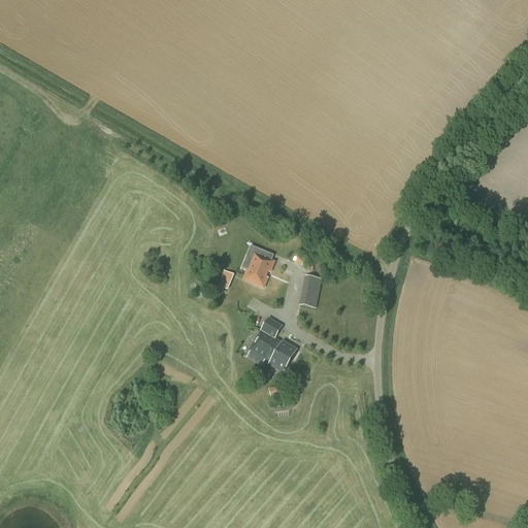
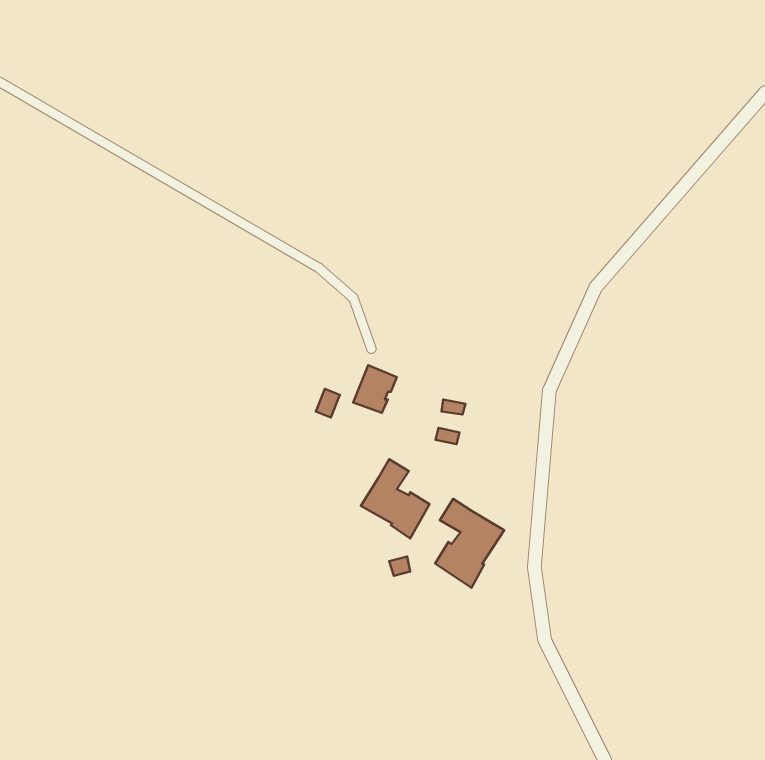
building: none -> [435,499,504,588]

